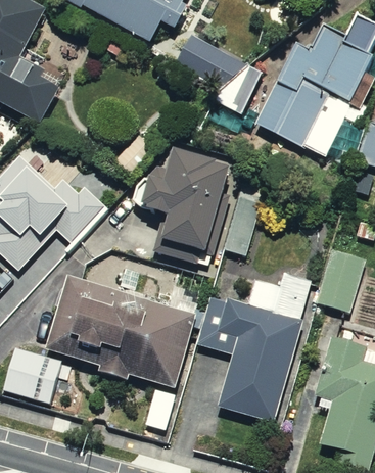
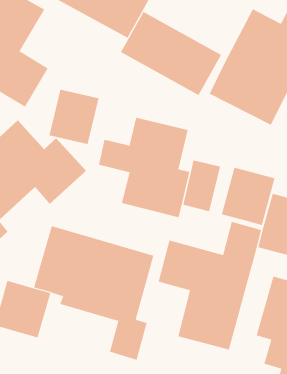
building: none -> [49,89,99,145]
building: none -> [221,167,275,226]

